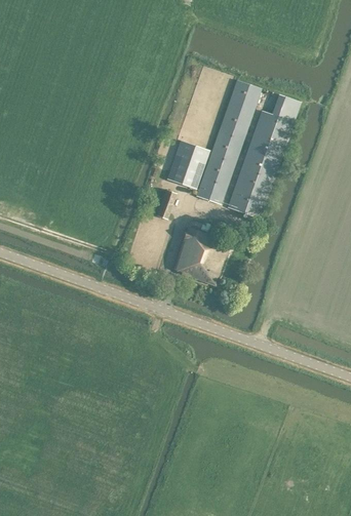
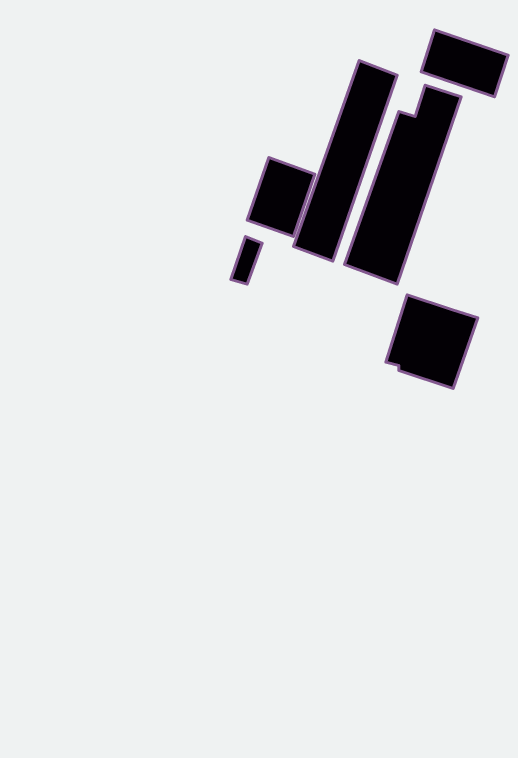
building: none -> [421,30,508,97]
building: [172,226,230,284] -> [386,295,478,389]

